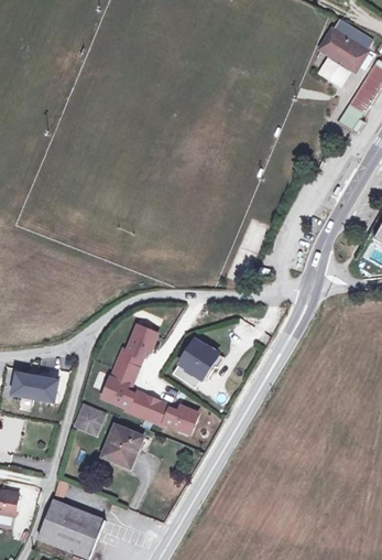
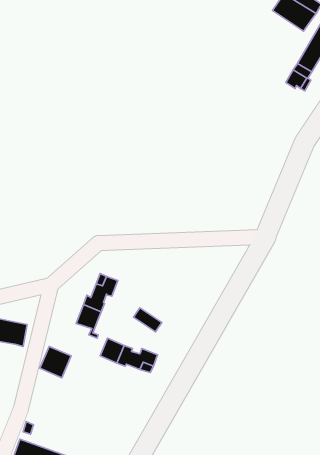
building: [179,340,217,378] -> none
building: [107,378,145,413] -> none
building: [103,424,145,466] -> none

